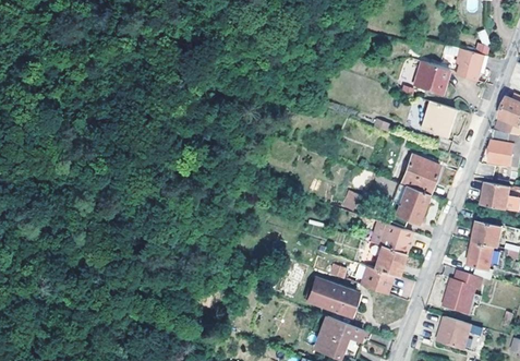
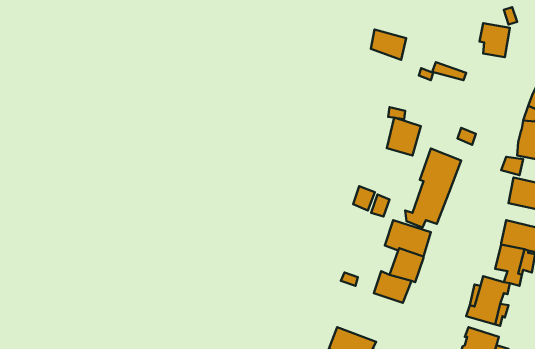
building: [415,61,447,88] -> [371,30,406,60]
building: [423,103,454,136] -> [387,118,421,155]
building: [310,279,356,314] -> none

